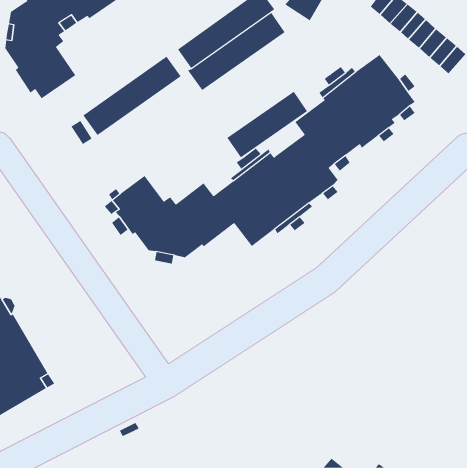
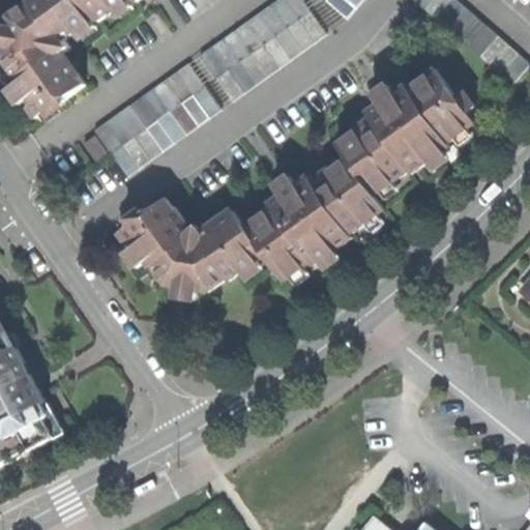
building: none -> [110,89,216,176]
building: [227,91,308,158] -> none

